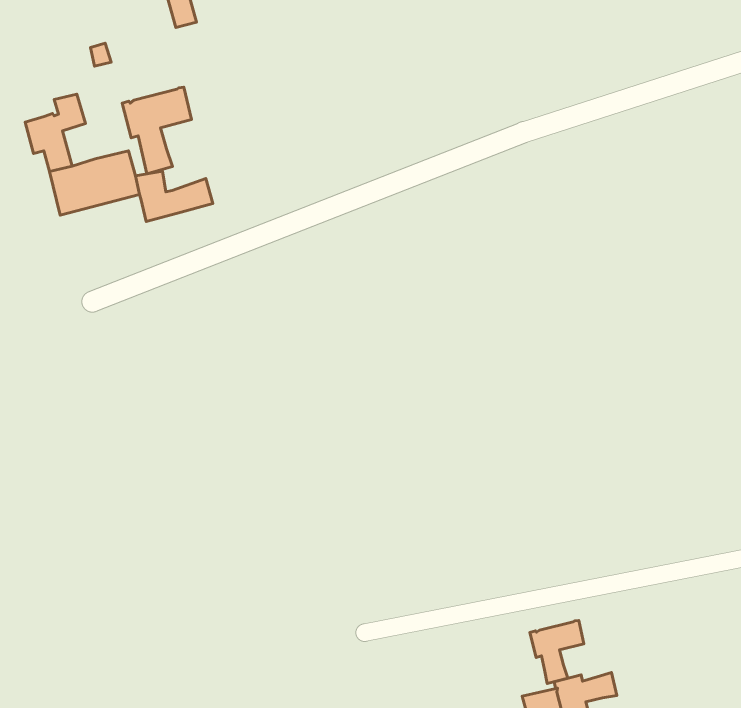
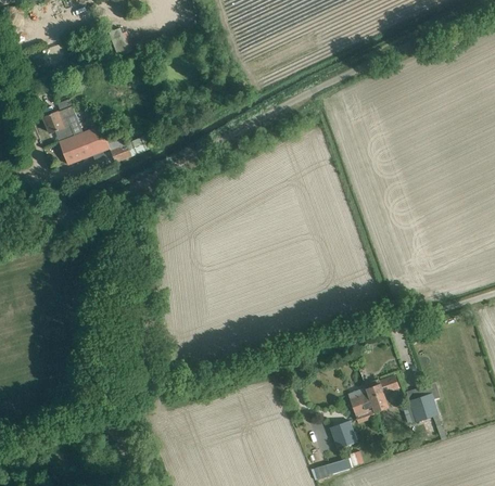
building: [122,87,192,174] -> none
building: [530,620,584,684] -> none

